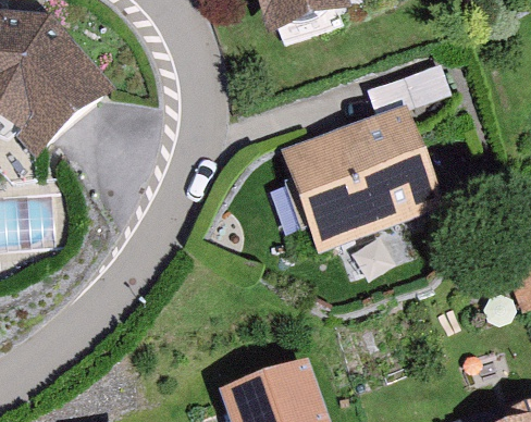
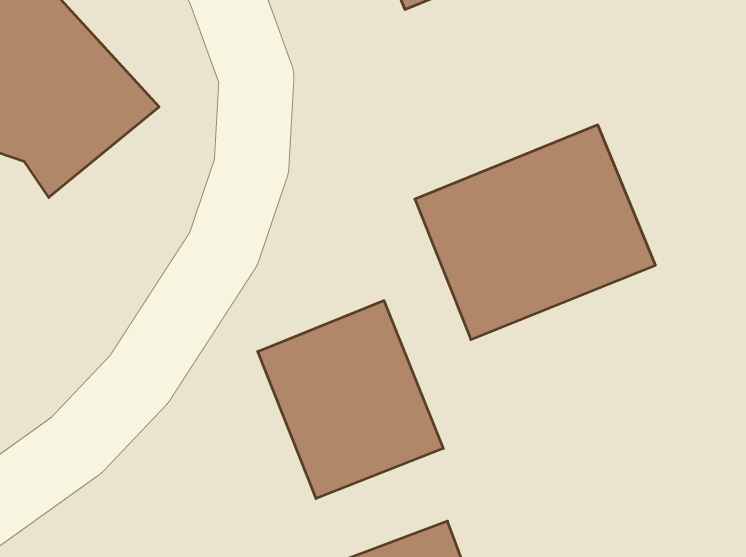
building: none -> [258,301,443,499]

